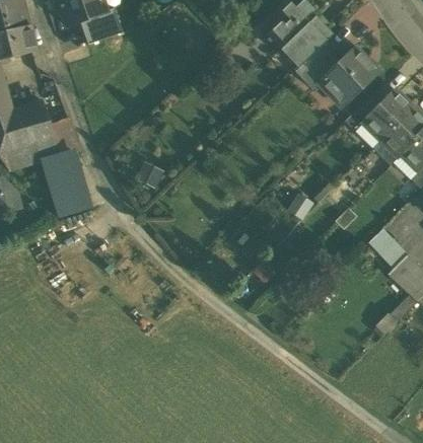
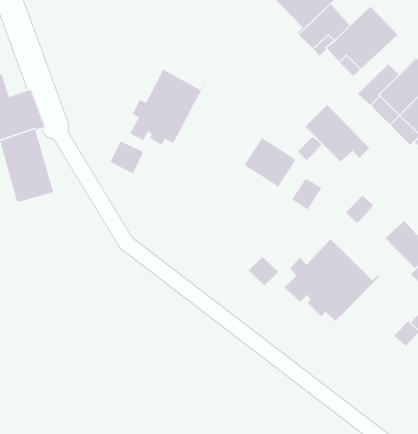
building: none -> [129,69,206,146]
building: none -> [304,104,370,162]
building: none -> [244,137,297,188]
building: none -> [284,239,381,322]

